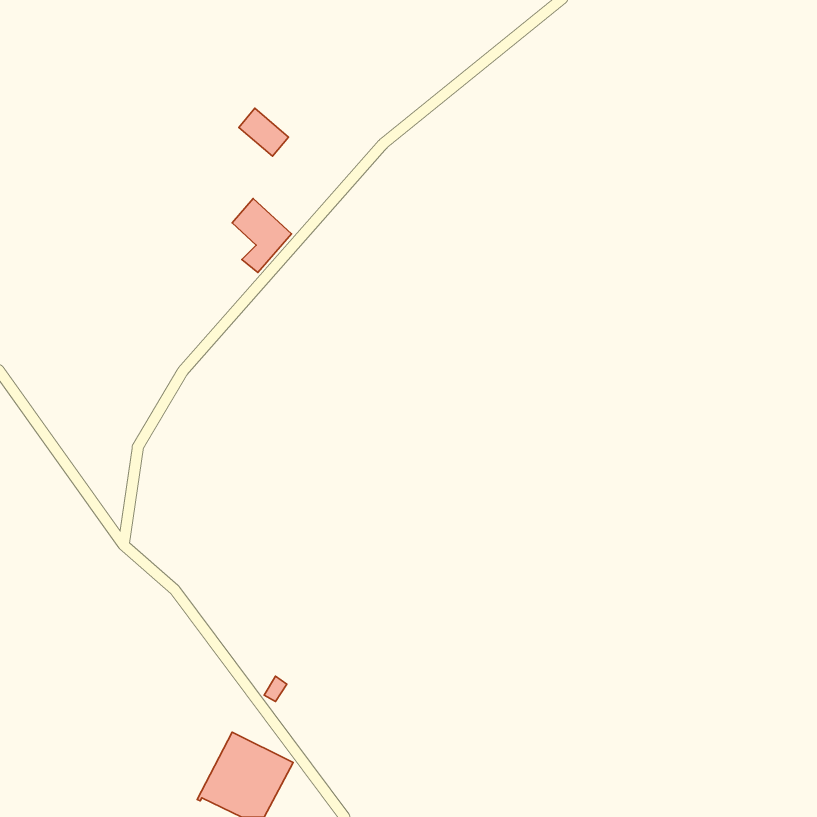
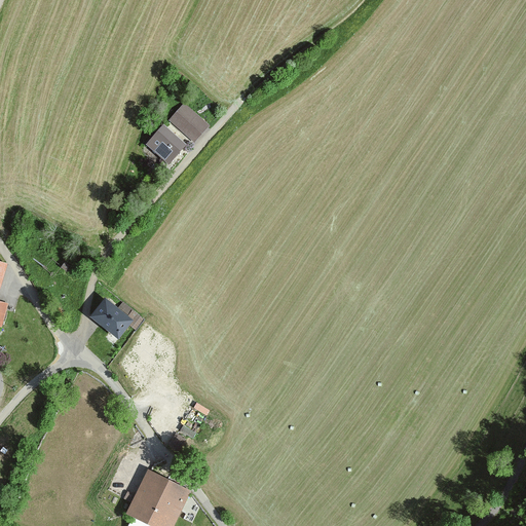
building: [239,108,289,156] -> [173,107,204,138]
building: none -> [92,301,128,335]

